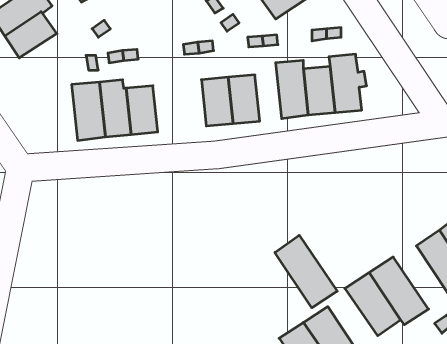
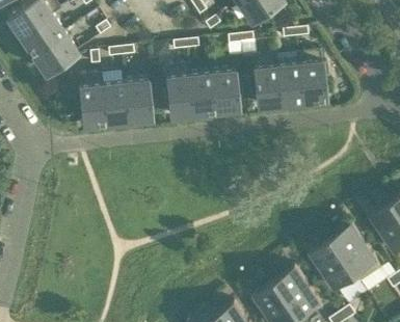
building: none -> [32,33,77,74]
building: none -> [164,65,192,114]
building: [275,235,337,308] -> none

